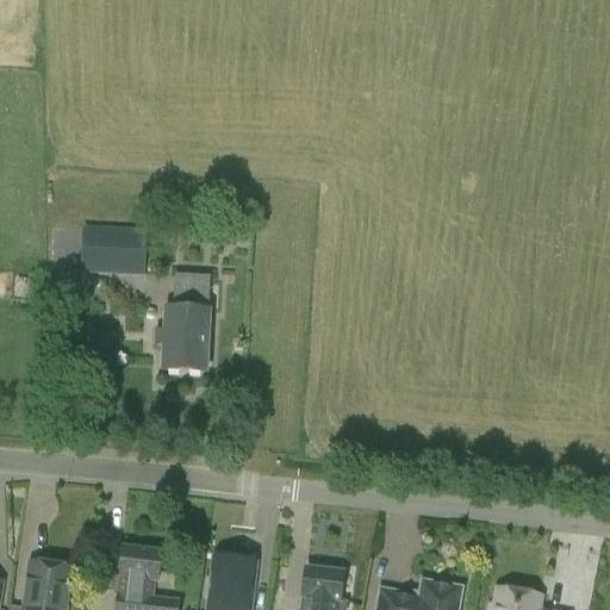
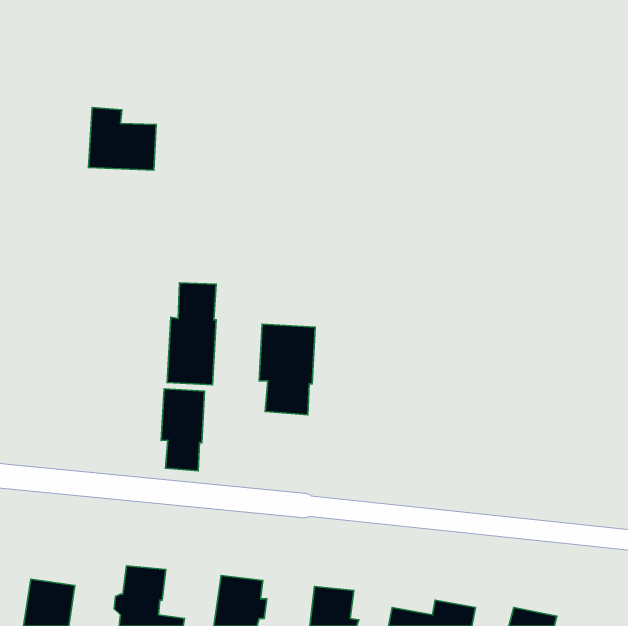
building: [81,213,147,274] -> [89,107,156,170]
building: none -> [259,324,315,415]
building: none -> [161,389,205,471]

